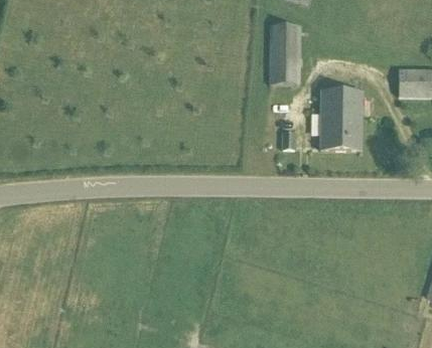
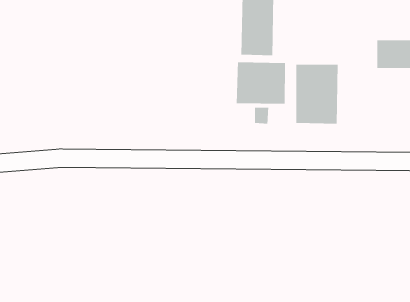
building: none -> [236,62,286,105]

